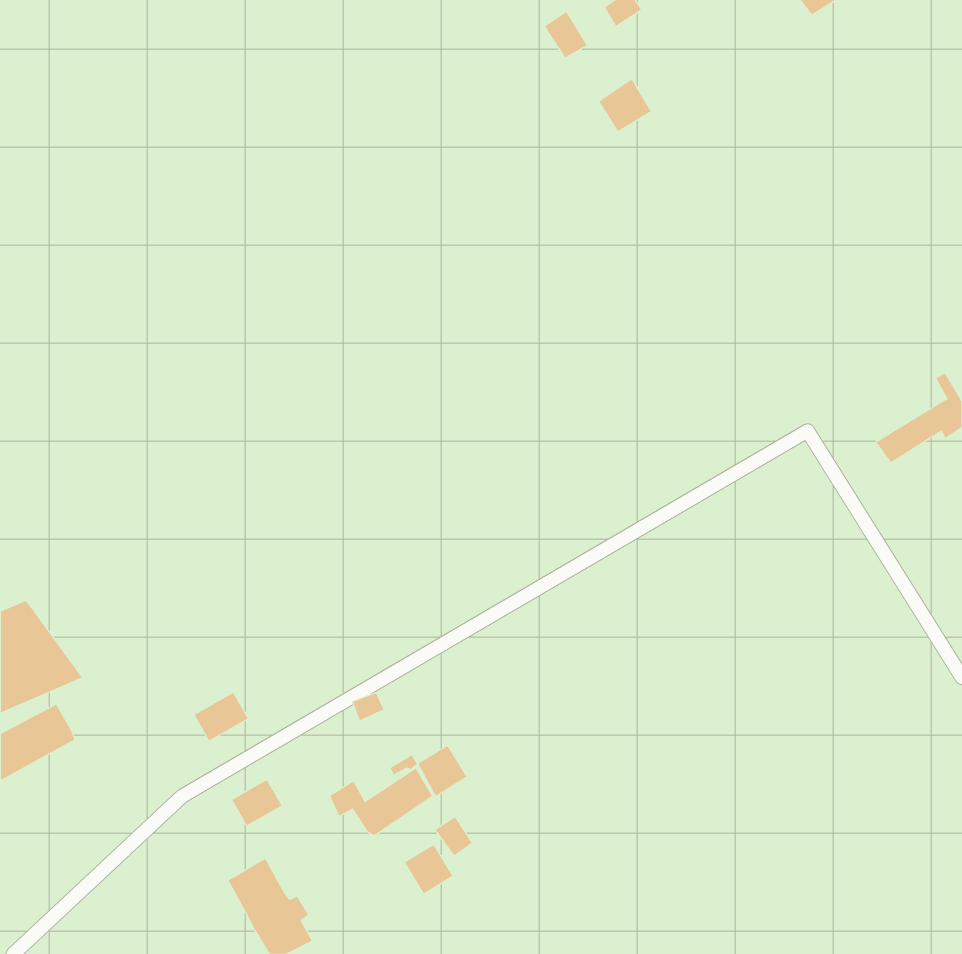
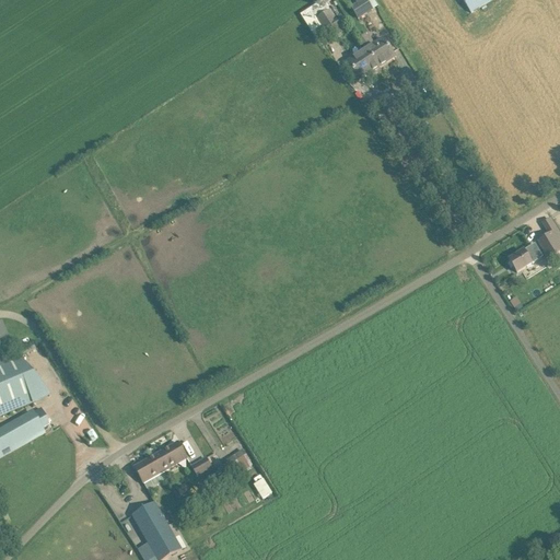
building: none -> [359,28,395,65]
building: [194,692,248,741] -> [155,440,187,468]
building: [418,745,467,797] -> none
building: [404,844,453,894] -> none

